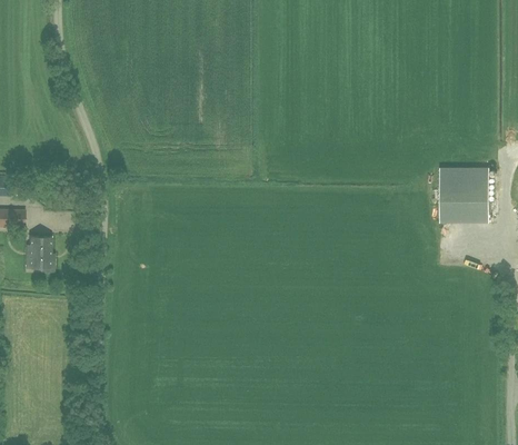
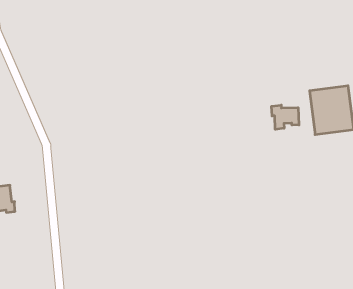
building: none -> [272,105,299,129]

